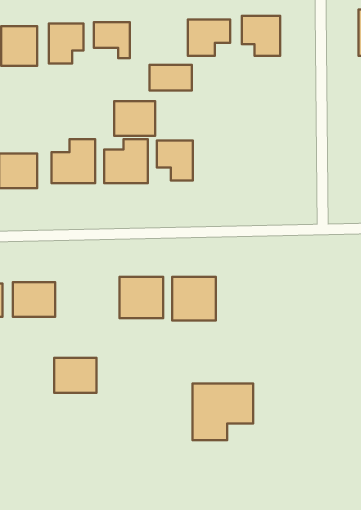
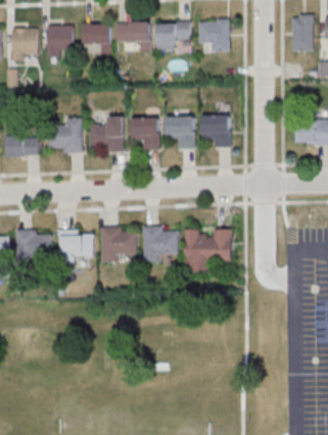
building: [149,65,192,91] -> [115,23,149,44]
building: [114,101,155,136] -> none
building: none -> [201,115,230,147]
building: none -> [166,116,194,148]
building: [54,358,97,393] -> [59,231,93,258]
building: [193,384,253,440] -> [183,230,231,275]

